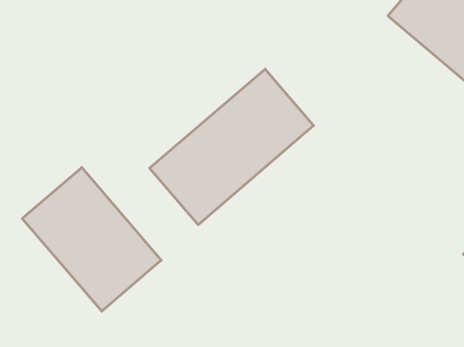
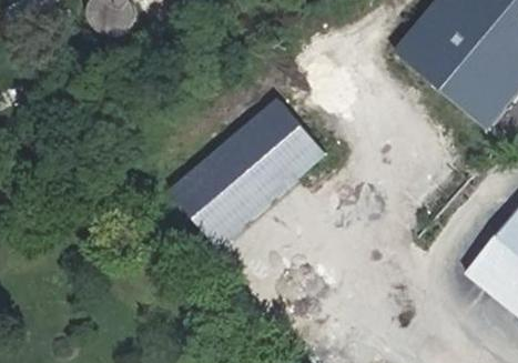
building: [22,167,161,311] -> none

